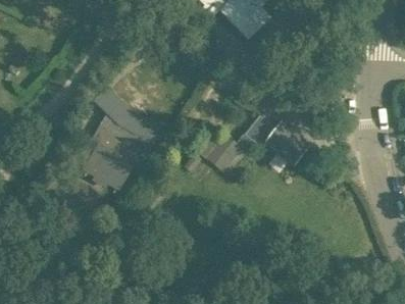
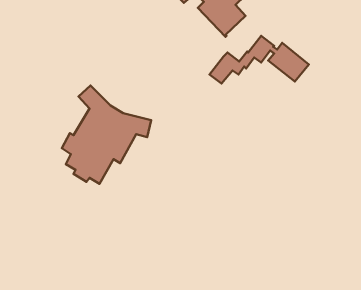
building: [206,116,308,165] -> [210,36,309,83]

